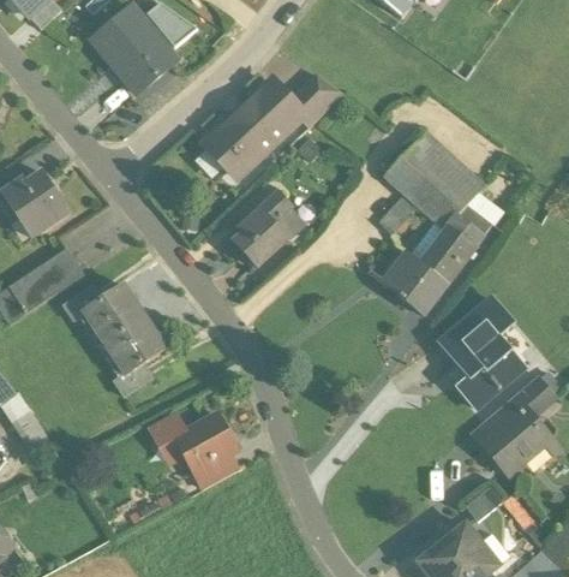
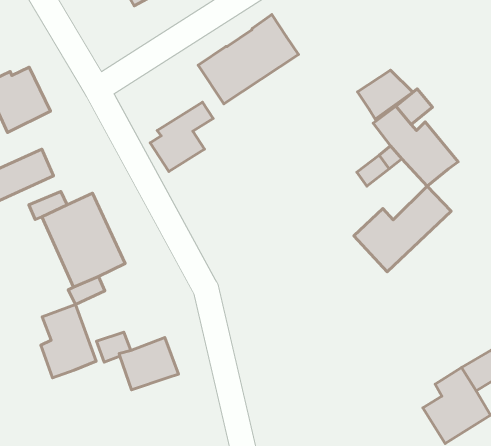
building: [288,73,342,124] -> [358,70,413,119]
building: [233,192,291,266] -> [150,102,213,172]
building: [449,203,492,244] -> none
building: [441,298,516,408] -> none
building: none -> [41,305,96,378]
building: [193,452,236,487] -> none

